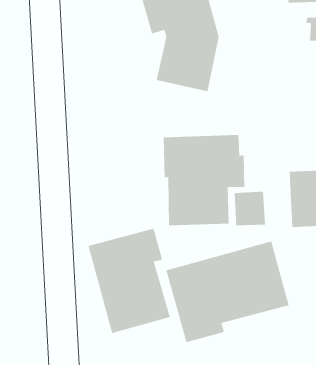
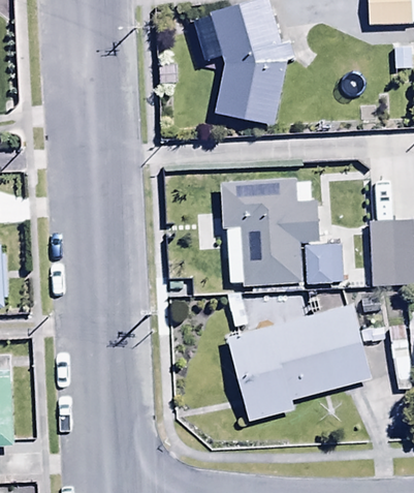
building: [88,228,171,334] -> none

